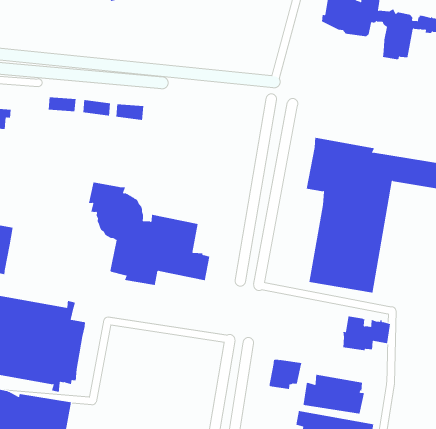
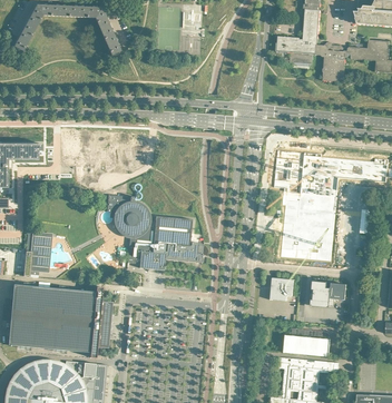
building: [268,359,302,389] -> [270,278,294,301]

